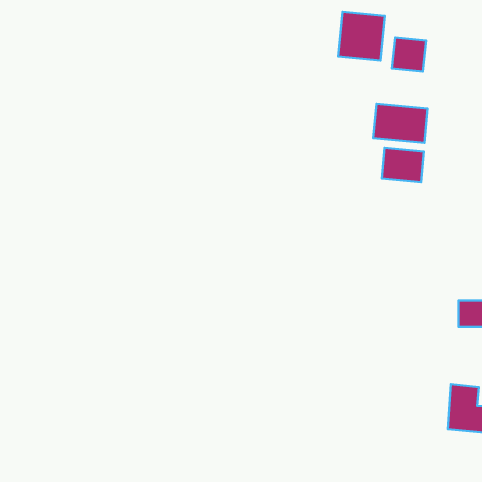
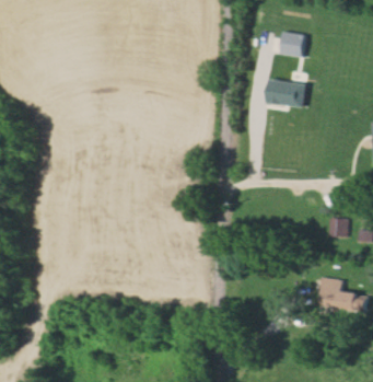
building: [338,12,385,61] -> none
building: [382,148,424,182] -> none

